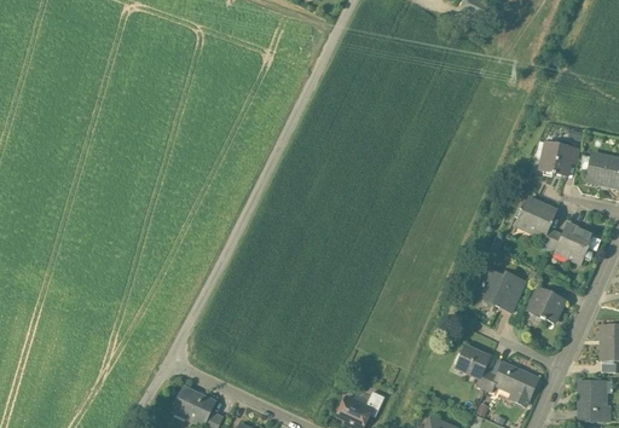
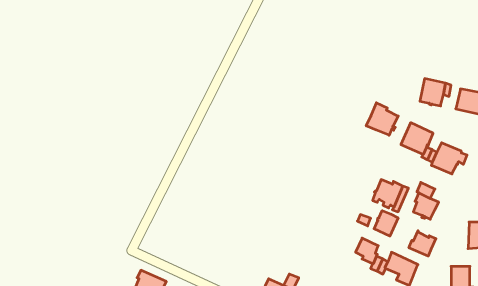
building: none -> [366,103,398,135]
building: none -> [374,211,398,236]
building: none -> [409,231,436,256]

